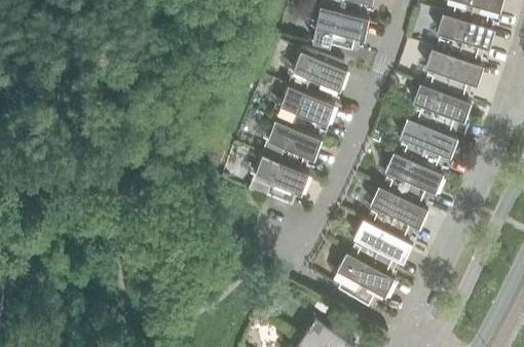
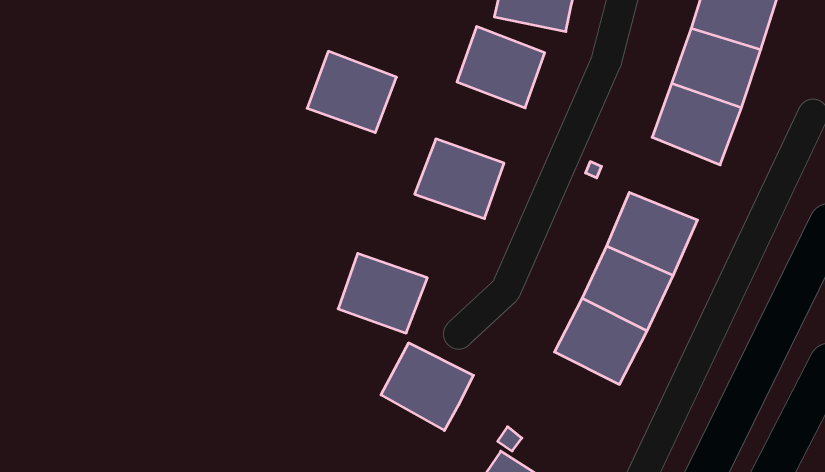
building: [276,82,333,133] -> [307,51,397,133]
building: [399,117,456,169] -> none
building: [251,153,307,203] -> [338,253,427,333]
building: [334,253,392,308] -> [381,343,474,431]

